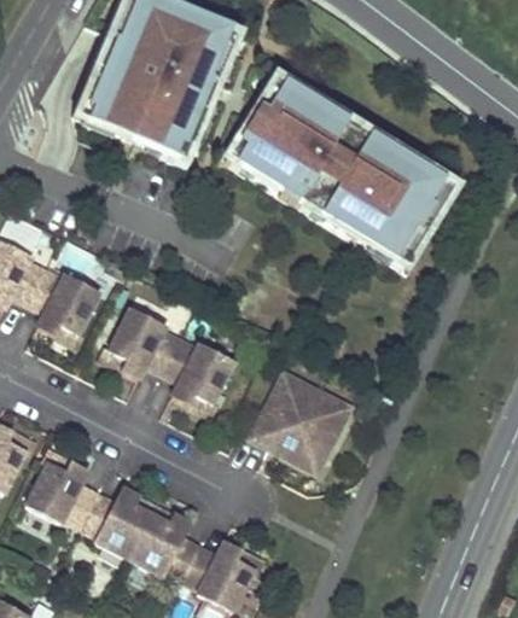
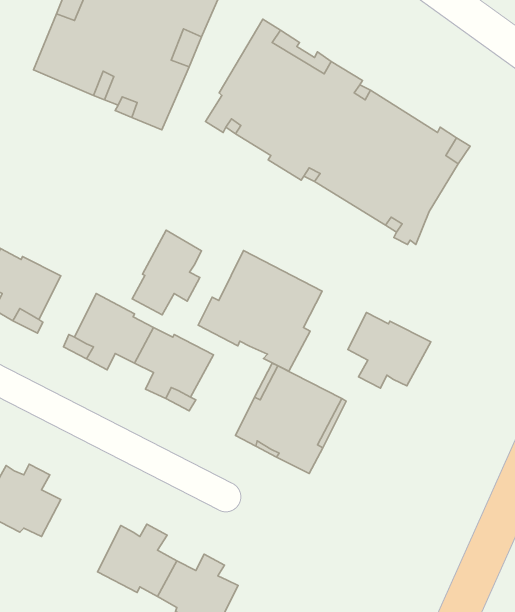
building: none -> [132,230,202,315]
building: none -> [198,250,322,371]
building: none -> [348,313,431,388]
building: [81,486,151,555] -> none

